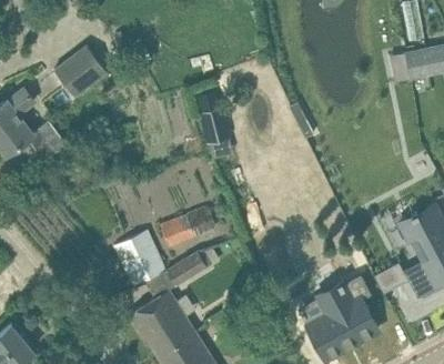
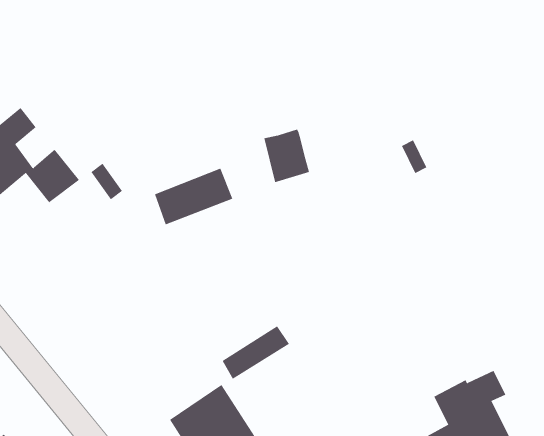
building: [53,46,107,98] -> none
building: [160,206,216,247] -> [154,168,233,225]
building: [115,233,165,286] -> none

